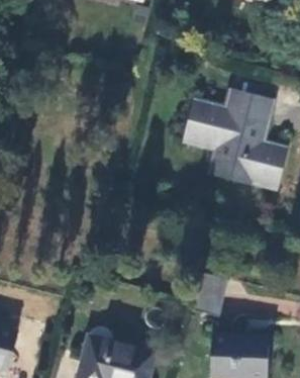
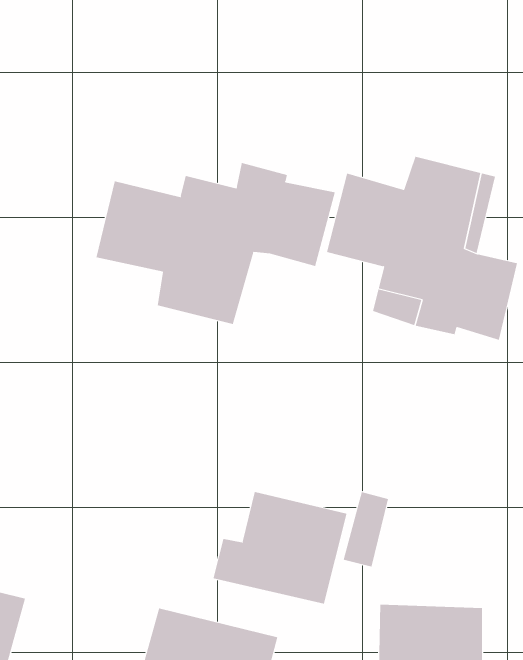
building: none -> [96,162,335,325]
building: none -> [213,491,347,604]

